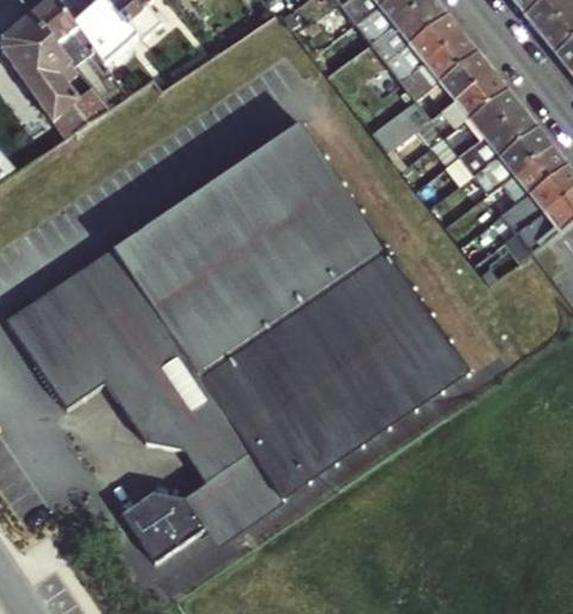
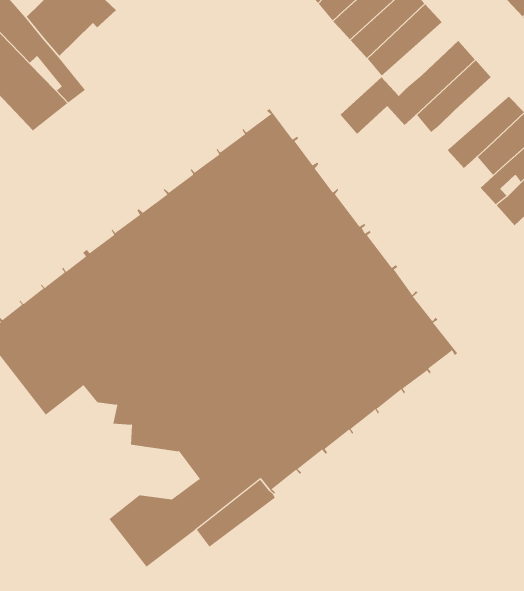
building: [411,48,488,116] -> none
building: [456,104,533,173] -> none

